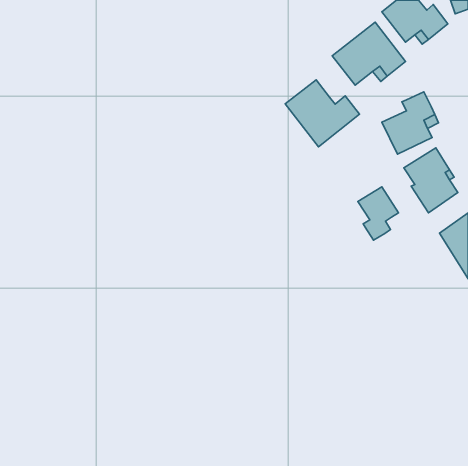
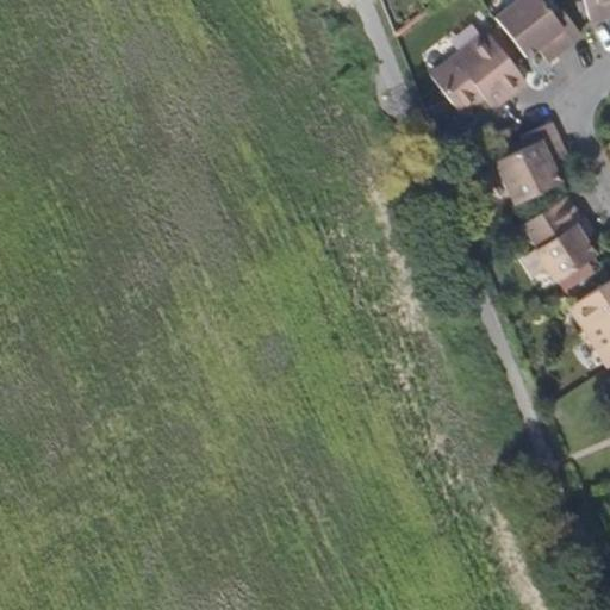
building: [285,80,359,147] -> none
building: [358,187,398,240] -> none

